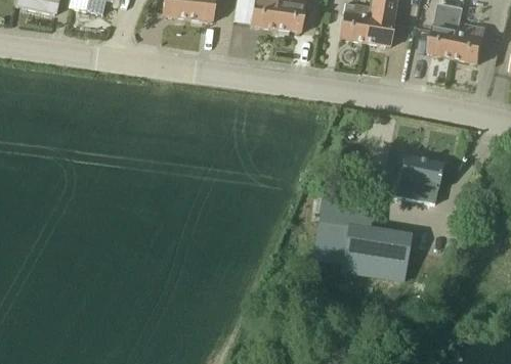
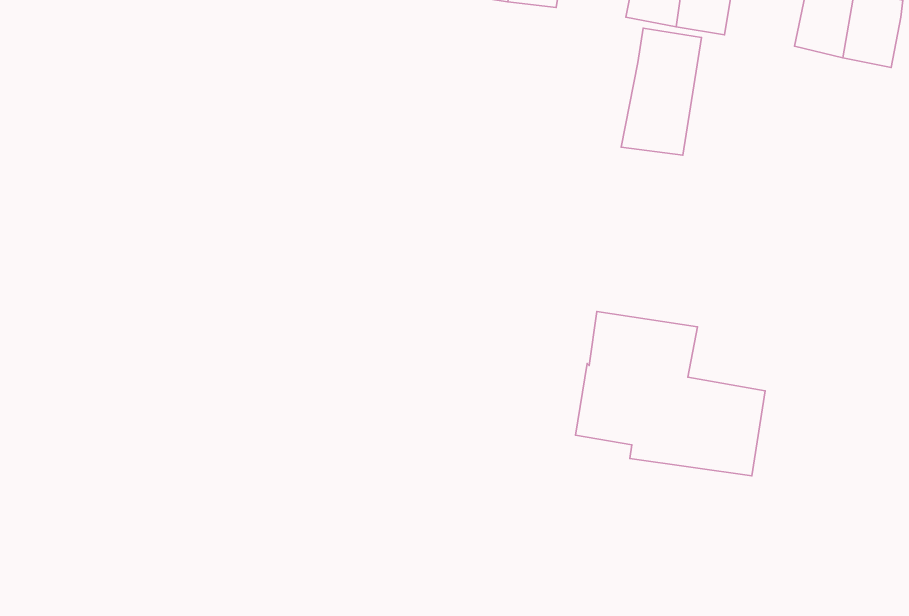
building: none -> [621,28,702,155]
building: [396,156,442,203] -> none

